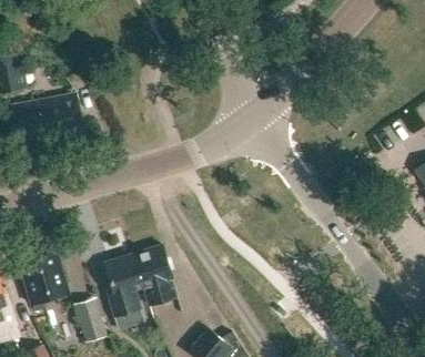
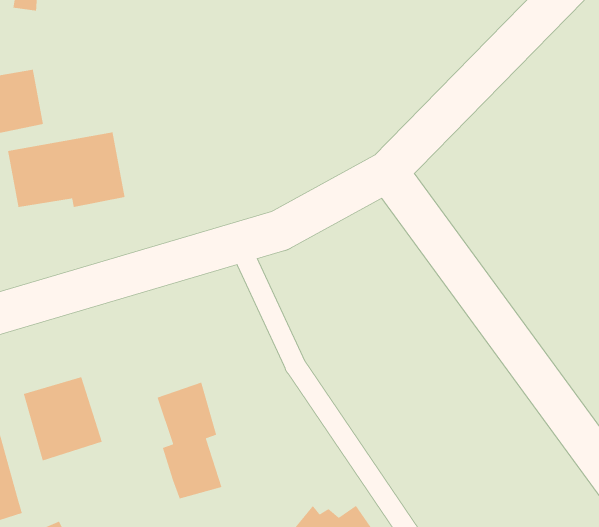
building: [133,244,176,305] -> none
building: [72,295,105,340] -> none

